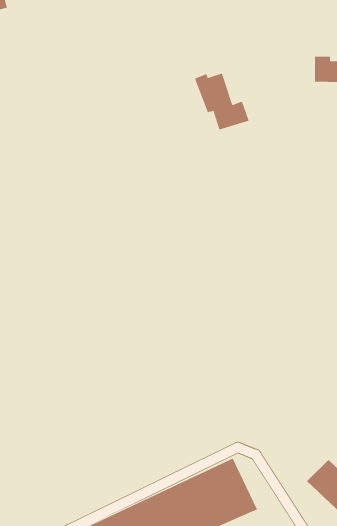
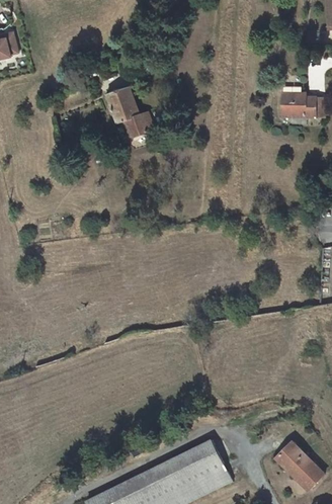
building: [194,73,249,130] -> [105,87,153,137]

